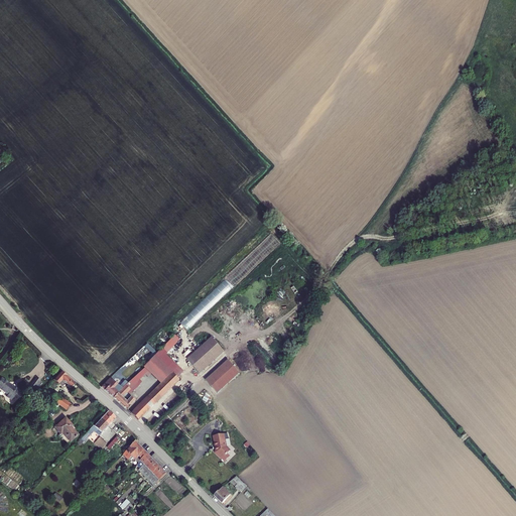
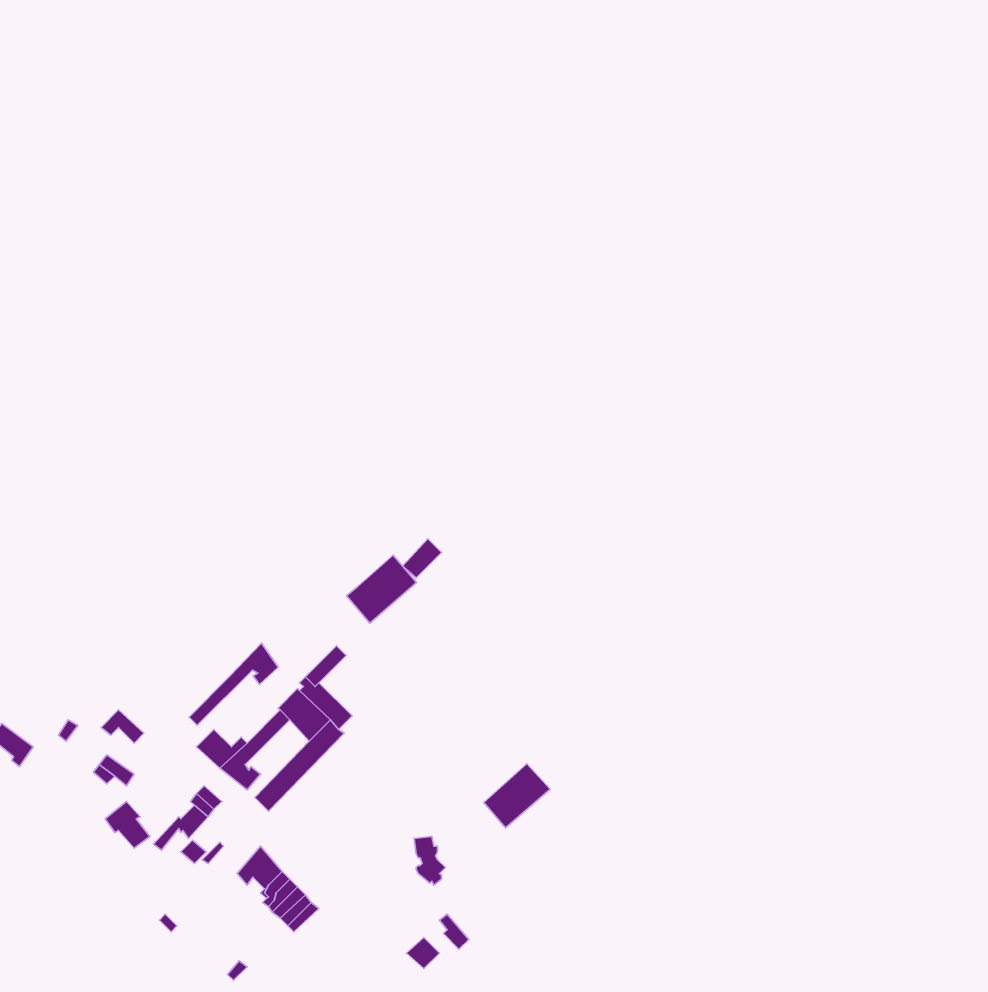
building: none -> [189,643,278,725]
building: [187,339,224,374] -> [347,555,417,623]
building: [206,361,240,394] -> [484,764,550,828]

